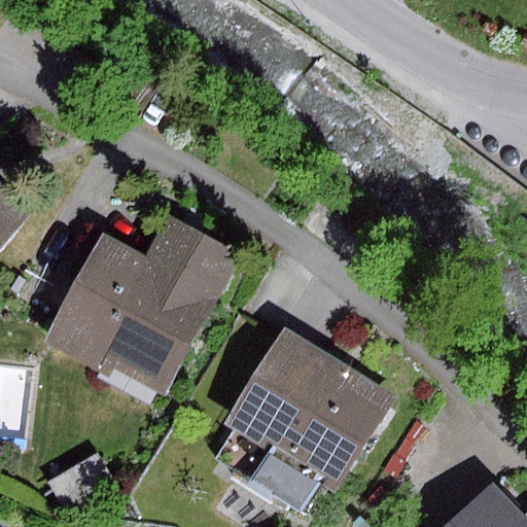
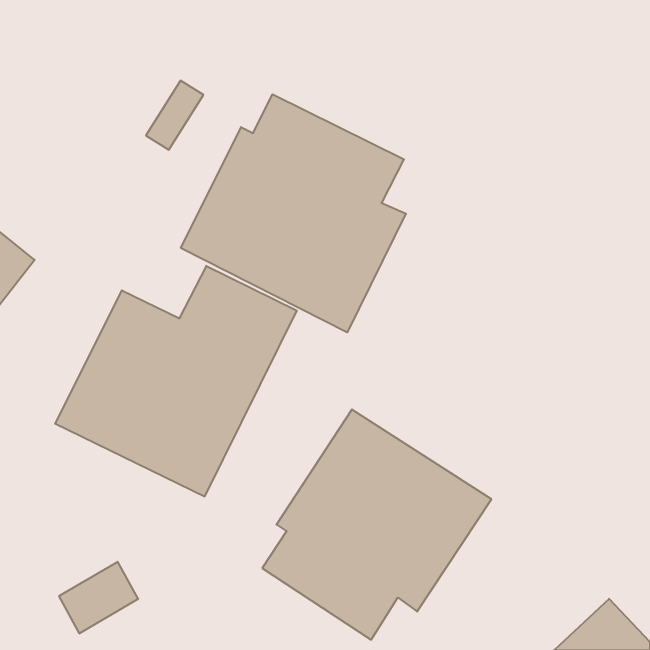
building: none -> [181,94,406,332]

